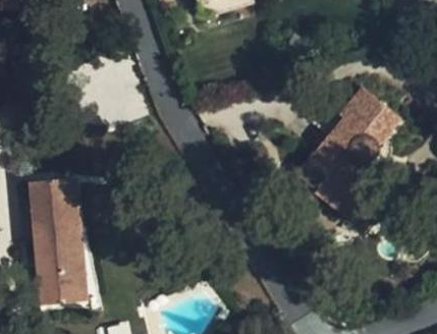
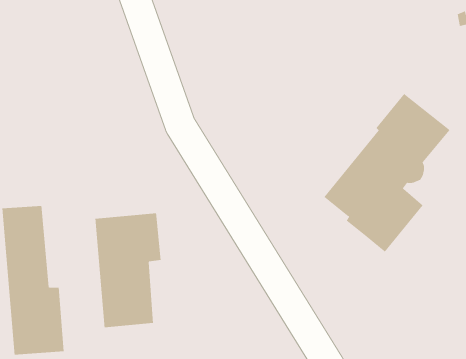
building: none -> [95,212,161,328]

